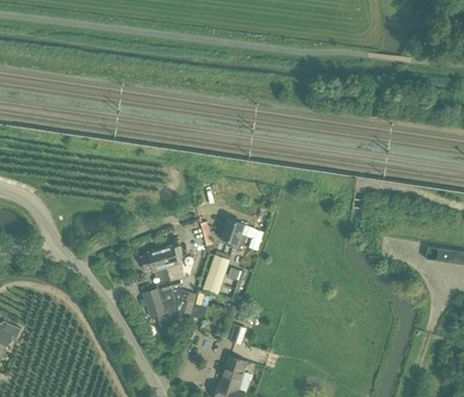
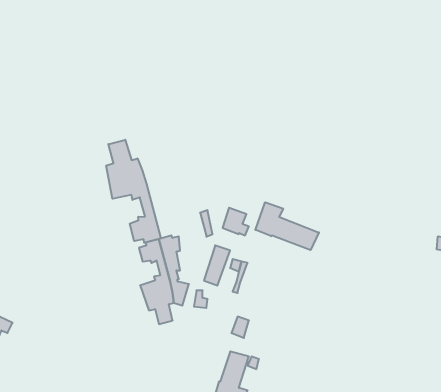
building: none -> [106,140,161,243]
building: none -> [255,202,319,250]

